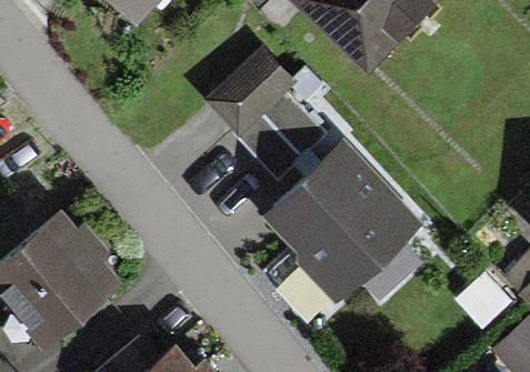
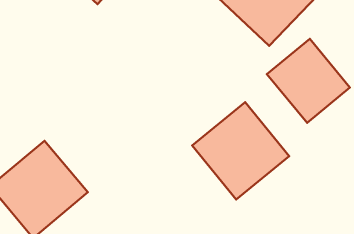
building: [206,68,323,183] -> none
building: none -> [267,39,350,123]

